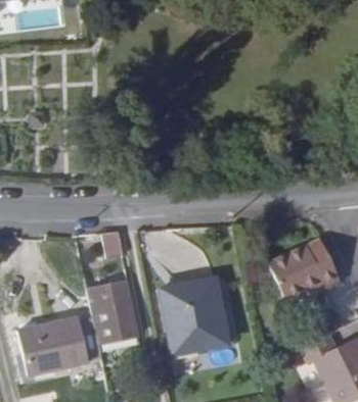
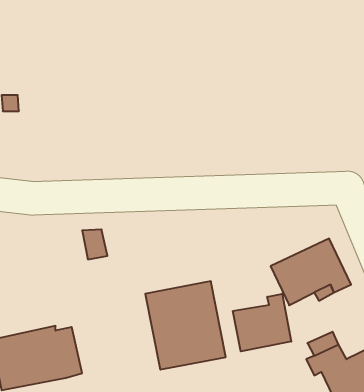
building: [86,281,139,343] -> none
building: none -> [233,294,291,351]

